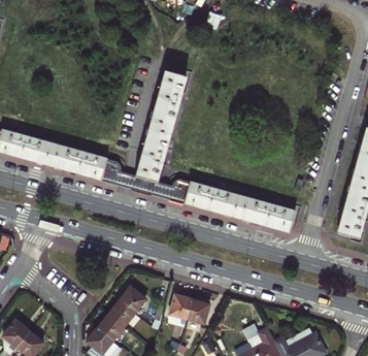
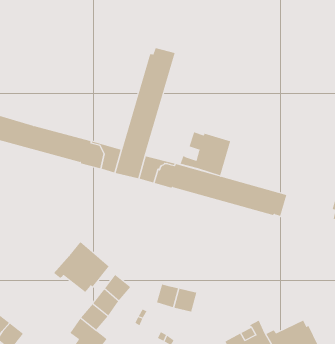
building: none -> [180,132,231,176]
building: none -> [53,241,109,293]

